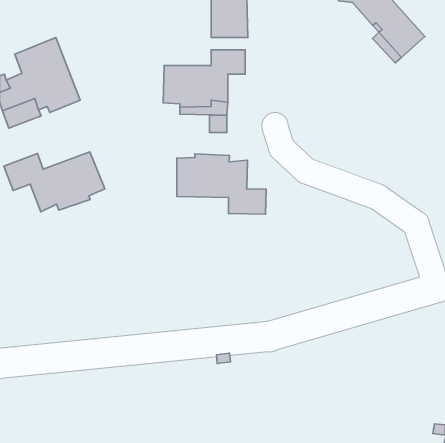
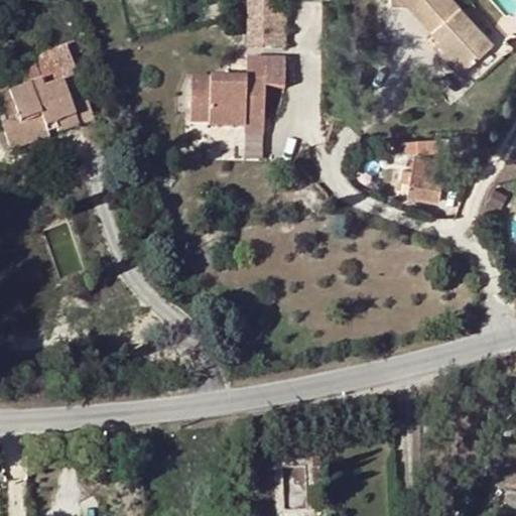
building: none -> [406,149,454,198]
building: [4,152,105,212] -> none
building: [177,154,266,214] -> none

